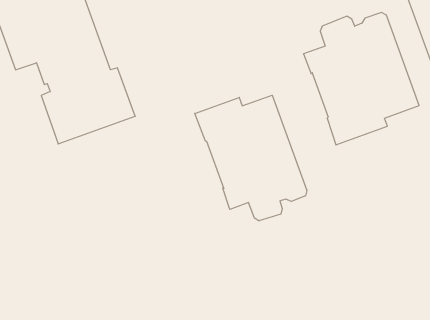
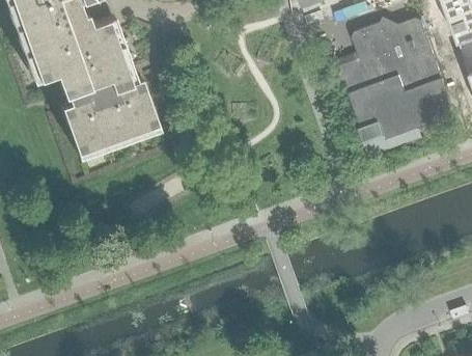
building: [195,95,307,221] -> none

